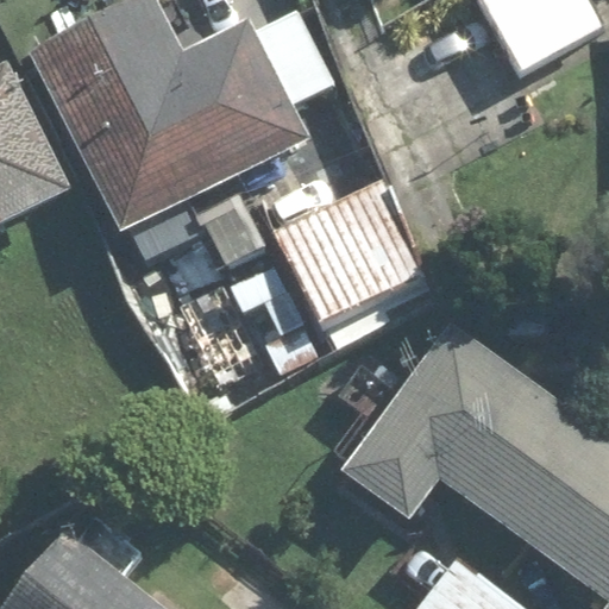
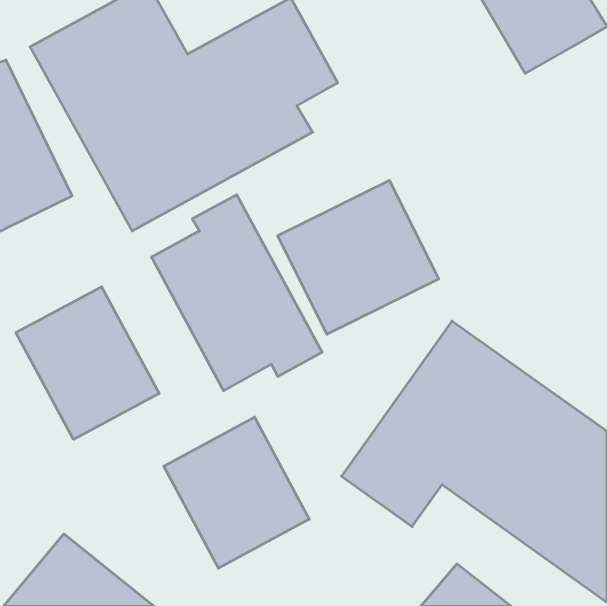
building: none -> [16,287,159,439]
building: none -> [164,417,309,568]

